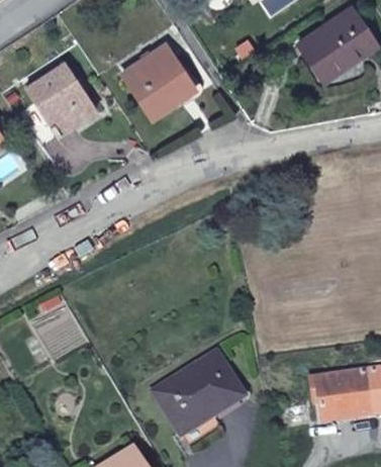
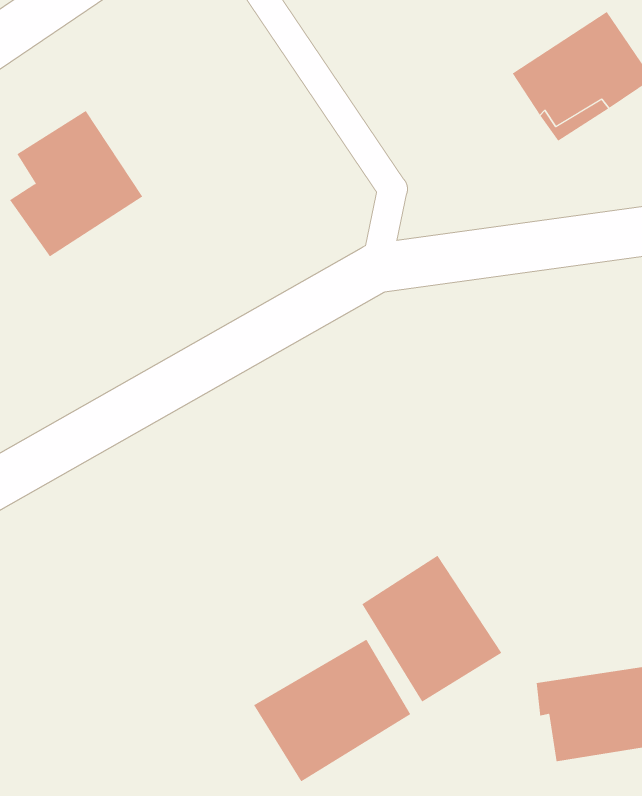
building: [122,44,195,117] -> none
building: none -> [361,555,502,702]

